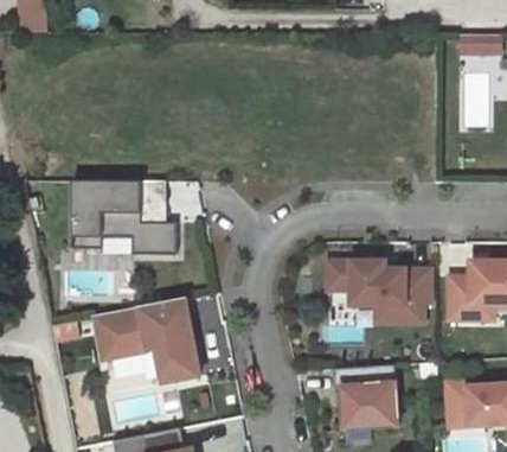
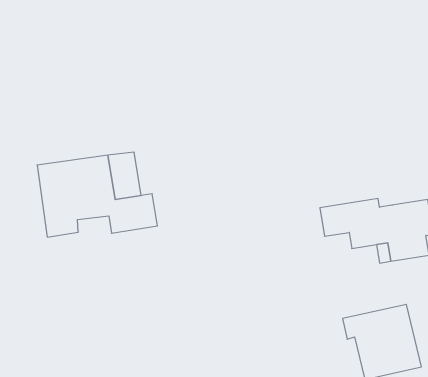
building: [94,299,199,382] -> none

